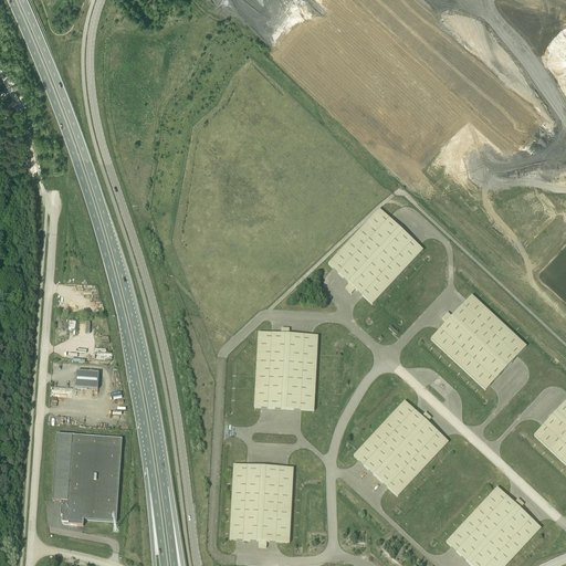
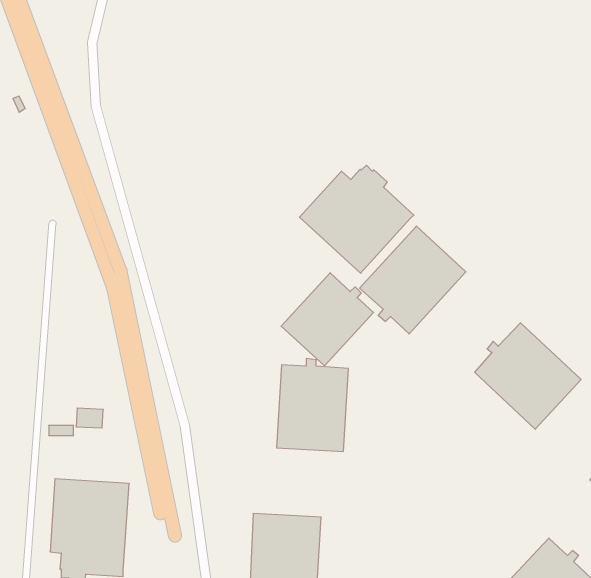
building: none -> [299,165,414,273]
building: none -> [281,273,374,366]
building: [354,399,449,494] -> none

